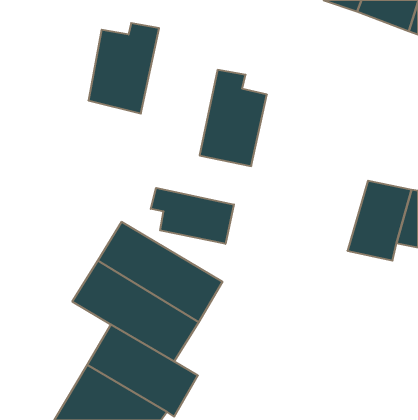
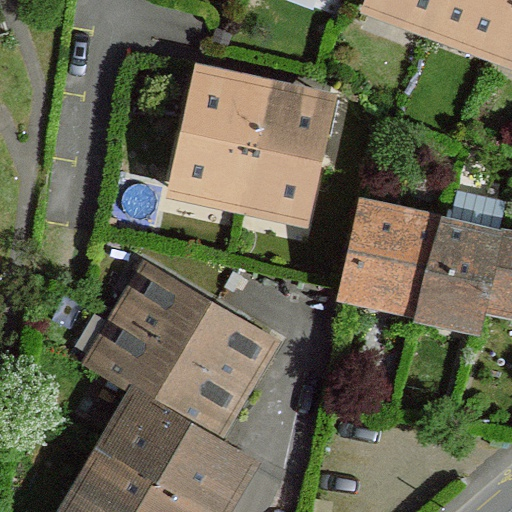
building: [88,23,159,114] -> [179,79,265,189]
building: none -> [350,202,448,305]
building: [151,188,234,244] -> none

